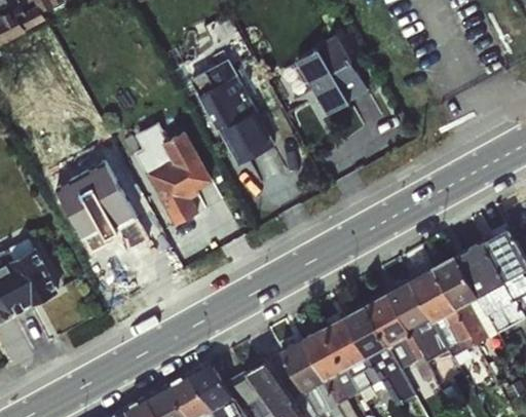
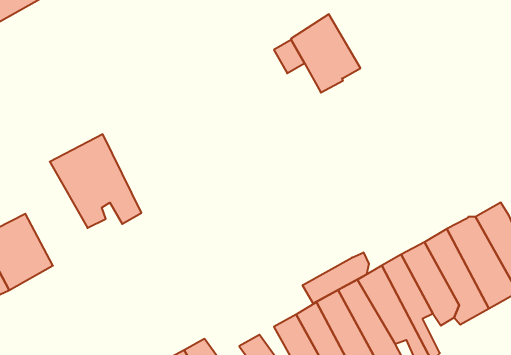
building: [193,61,272,166] -> none
building: [135,124,210,227] -> none
building: none -> [303,252,369,304]

